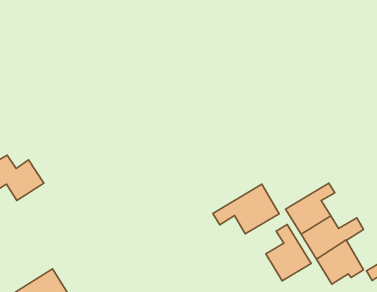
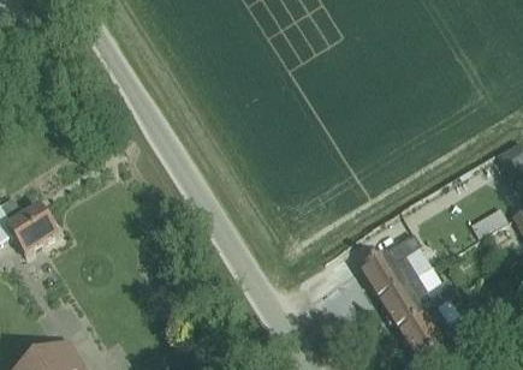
building: [213,184,279,234] -> none
building: [266,225,311,281] -> none

